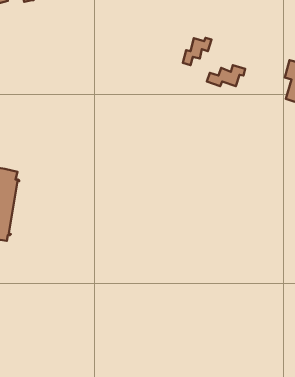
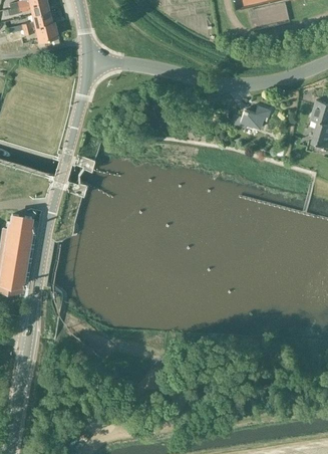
building: [183,38,211,65] -> none

